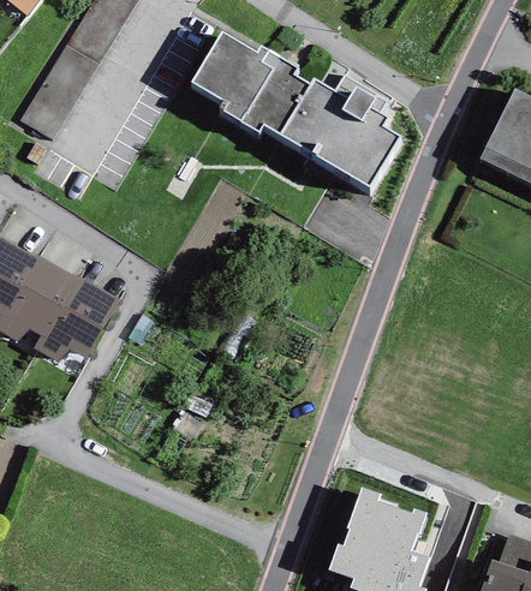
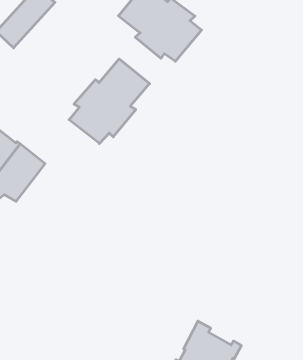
building: [278,76,398,187] -> none
building: none -> [69,59,150,144]

